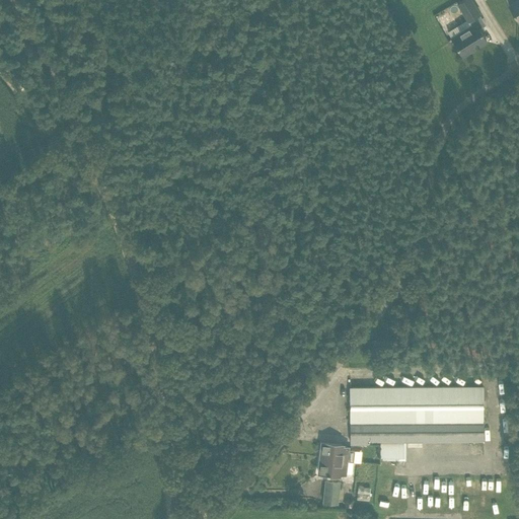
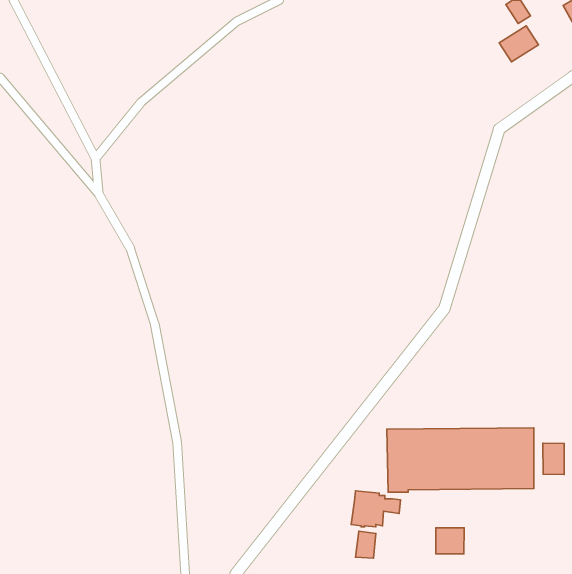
building: none -> [543,443,564,474]
building: none -> [436,528,464,554]

